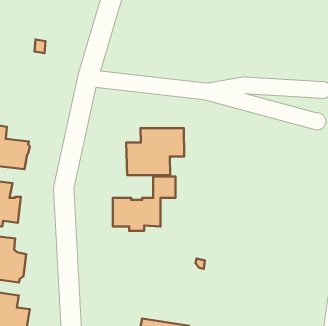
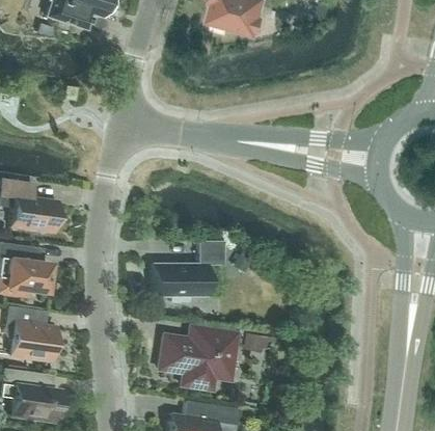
building: [126,128,184,175] -> none
building: none -> [161,327,238,389]

